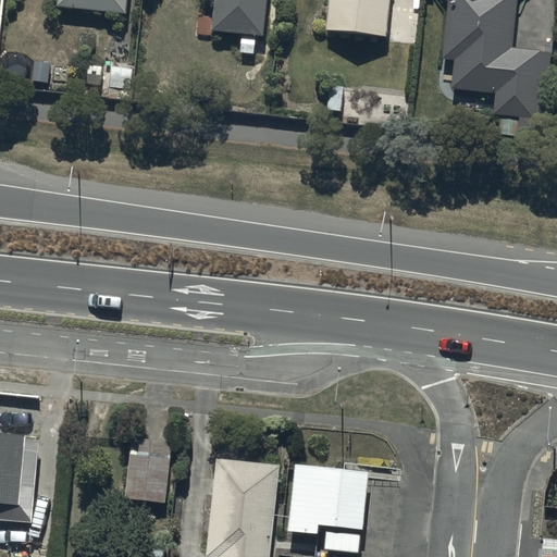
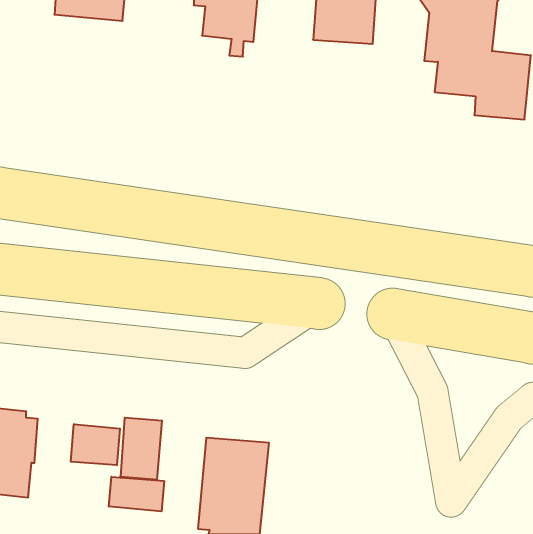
building: none -> [71,424,120,465]
building: [287,462,368,533] -> none
building: none -> [109,477,164,511]

